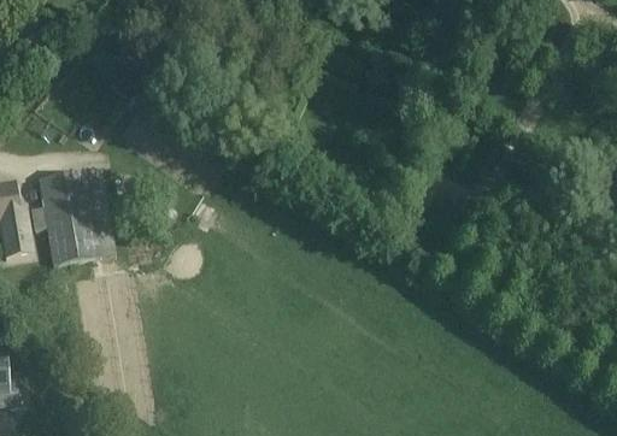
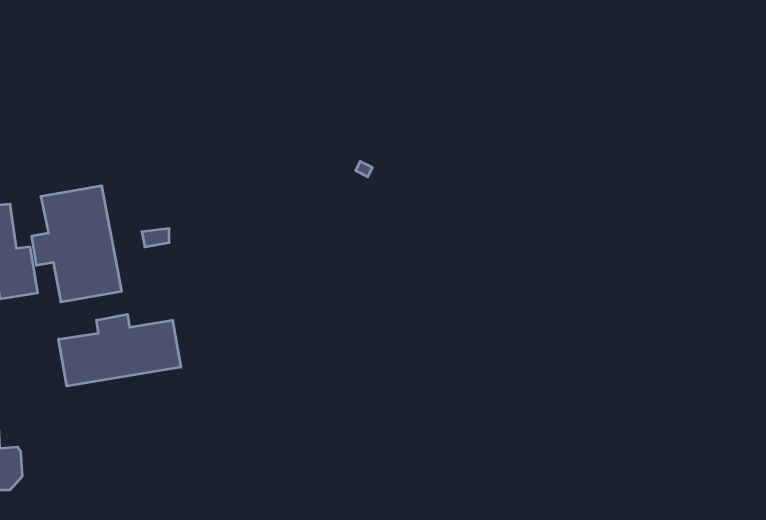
building: none -> [59,314,181,386]

